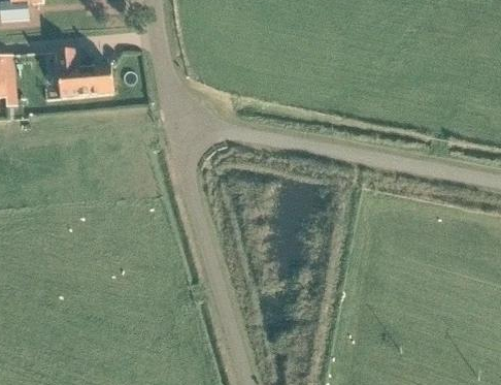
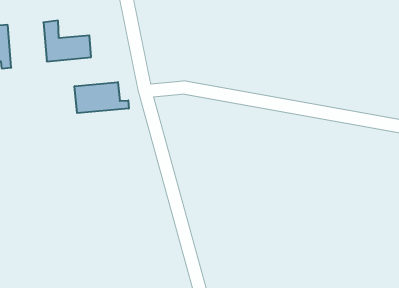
building: none -> [75,82,129,113]

